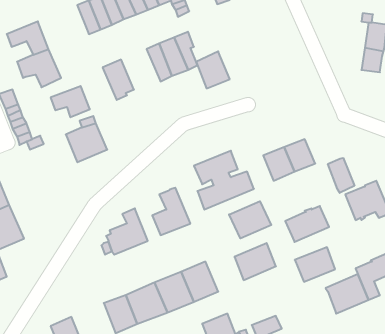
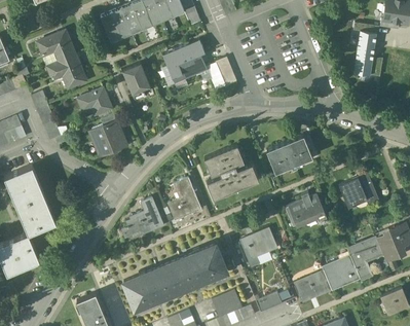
building: [328,158,354,193] -> none
building: [229,201,271,238] -> none
building: [295,247,335,282] -> [295,270,331,301]

